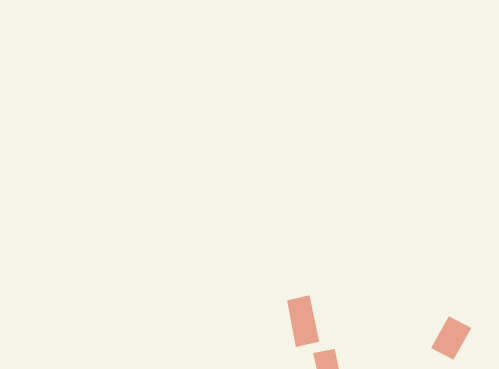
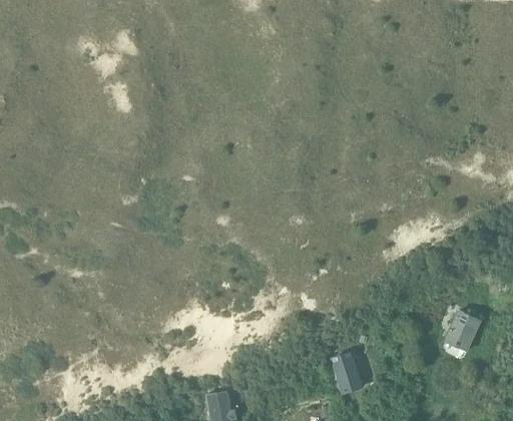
building: [286,295,320,348] -> none

